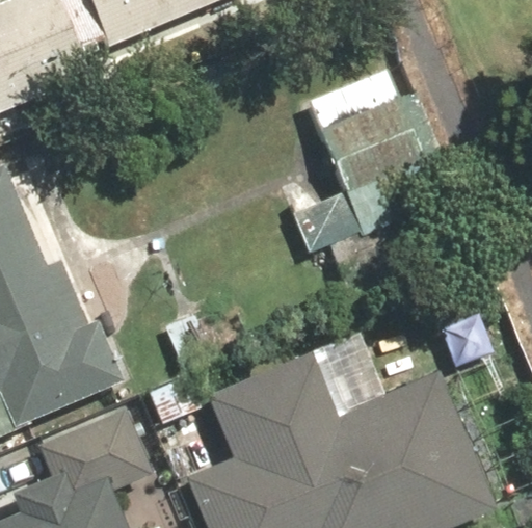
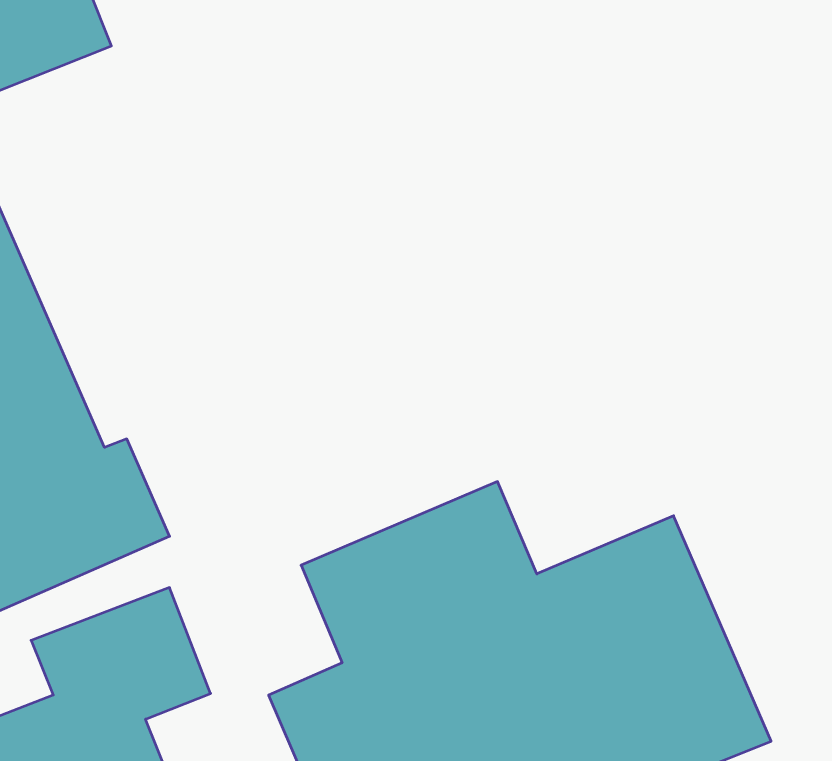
building: [293,73,440,258] -> none

